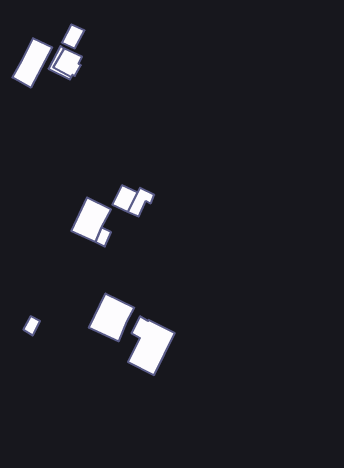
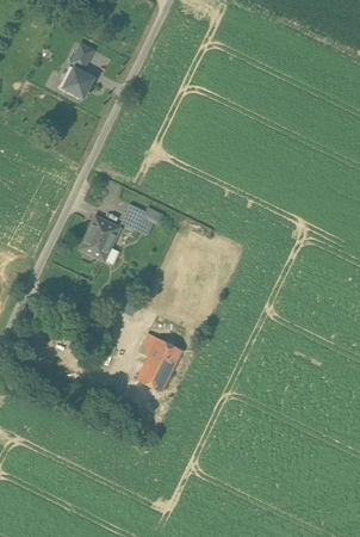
building: [12,38,52,88] -> none
building: [89,293,134,341] -> none

